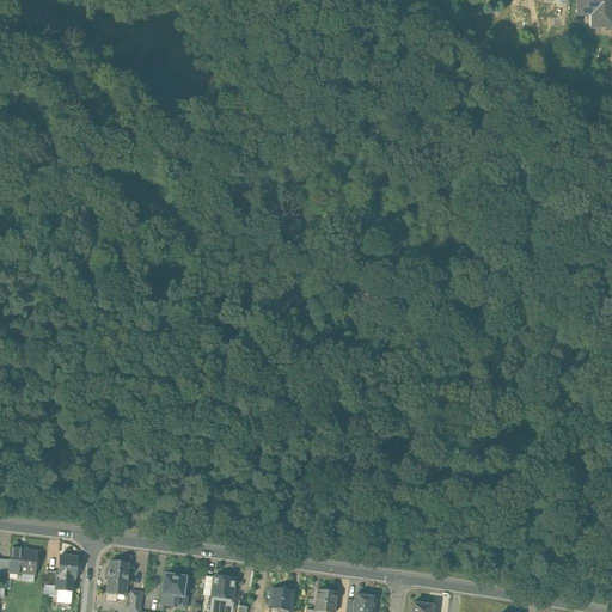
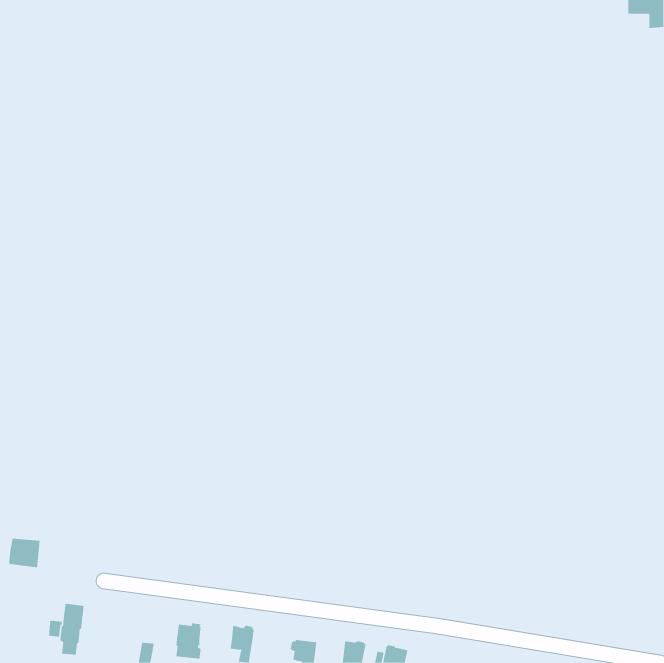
building: [7,547,37,575] -> [8,538,41,568]
building: [106,561,129,595] -> none

